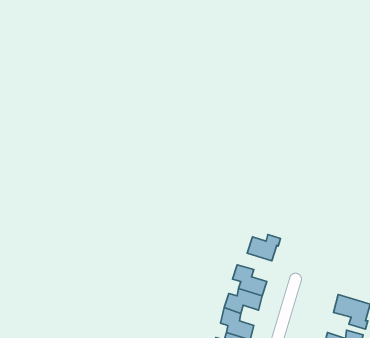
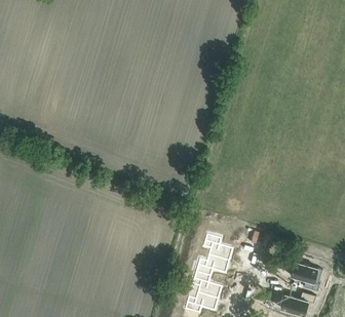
building: [247,235,281,261] -> none

